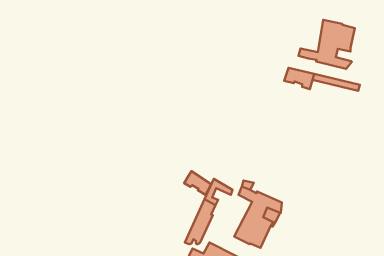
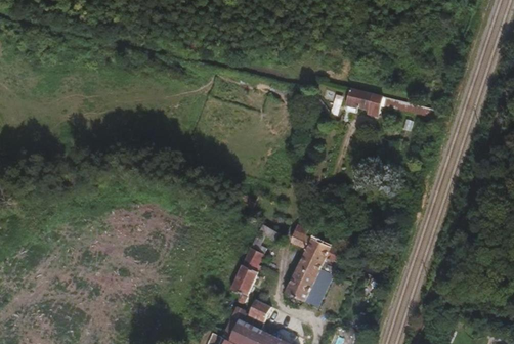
building: [298,20,355,69] -> none
building: [184,171,211,195] -> none

